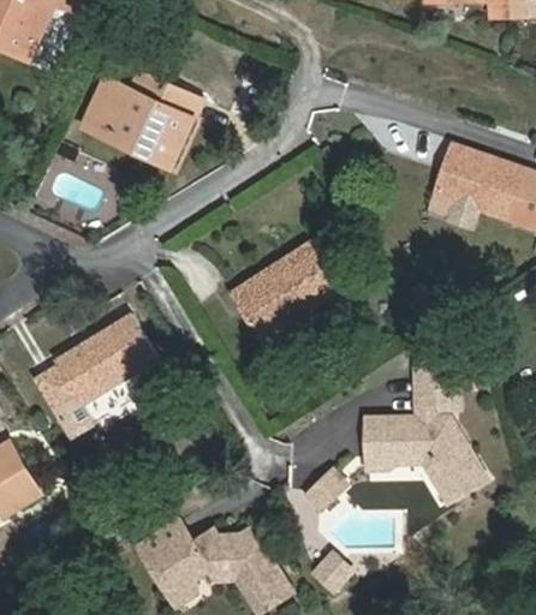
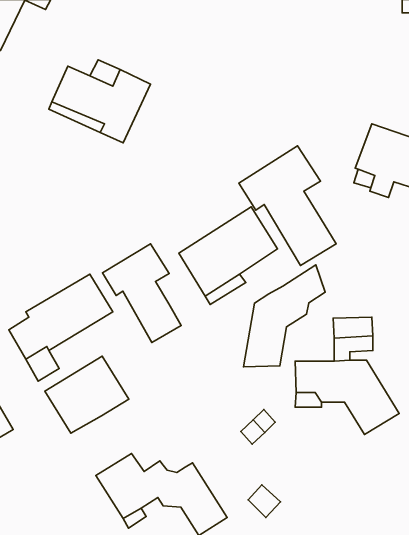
building: none -> [239,146,336,266]
building: none -> [103,244,181,342]
building: none -> [244,265,325,367]
building: none -> [45,356,129,433]

